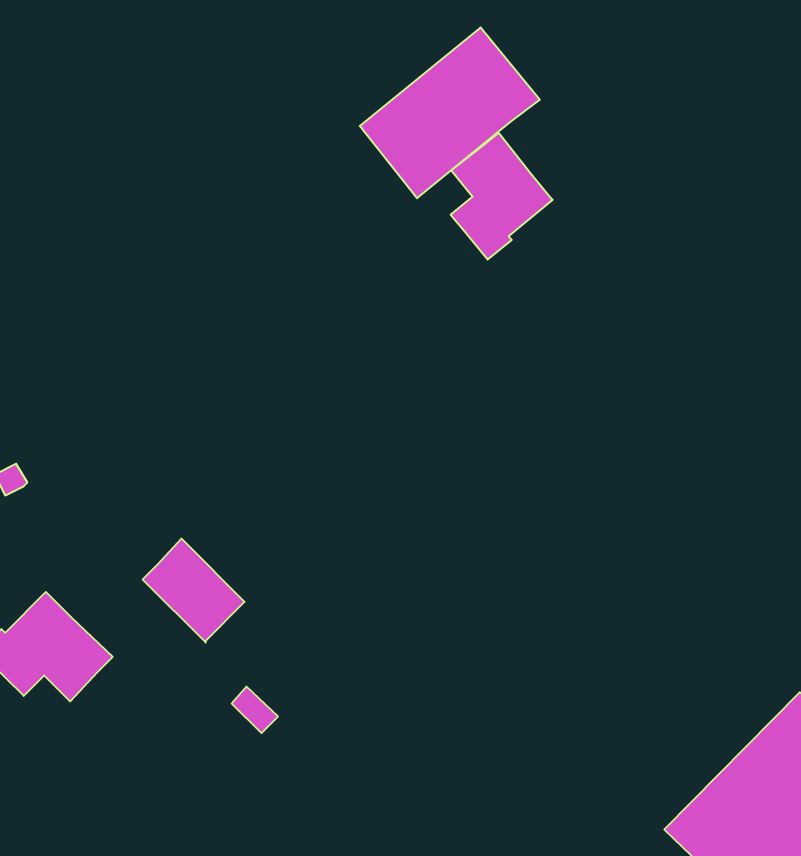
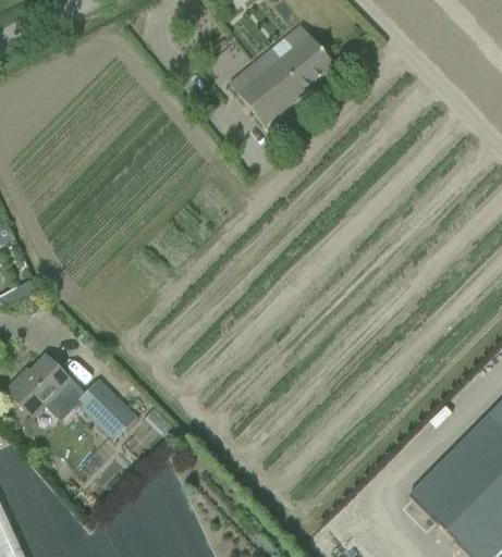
building: [451,133,553,260] -> none
building: [143,539,245,643] -> [76,377,136,438]

